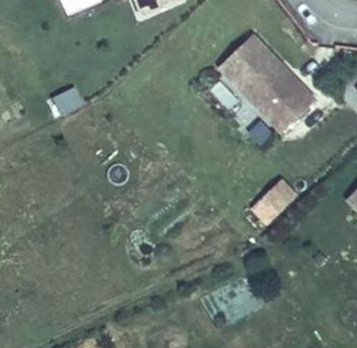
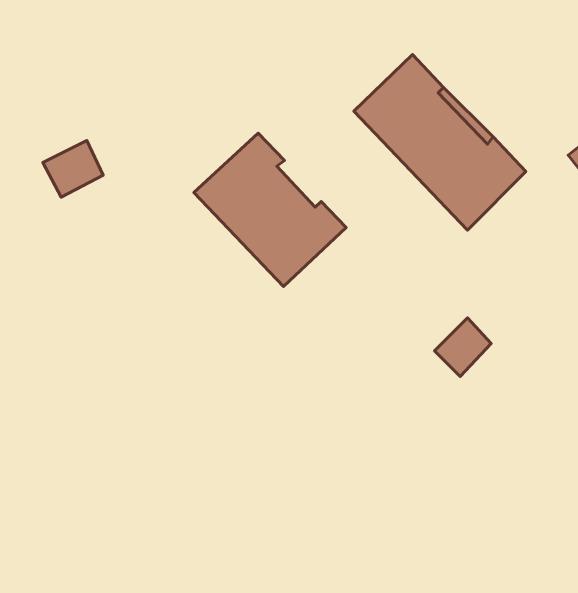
building: none -> [194,133,346,286]

